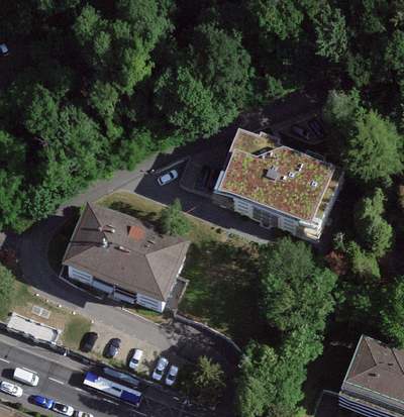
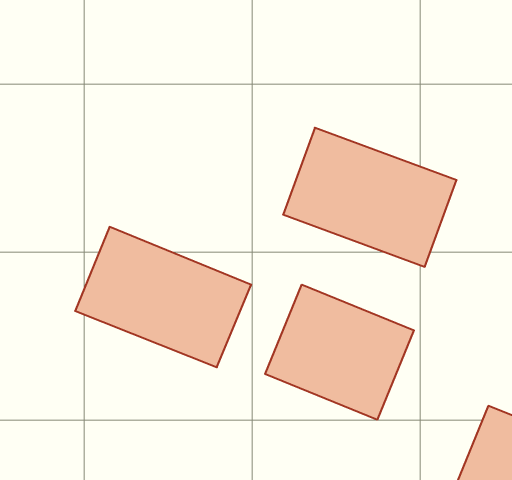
building: none -> [265,285,414,420]

